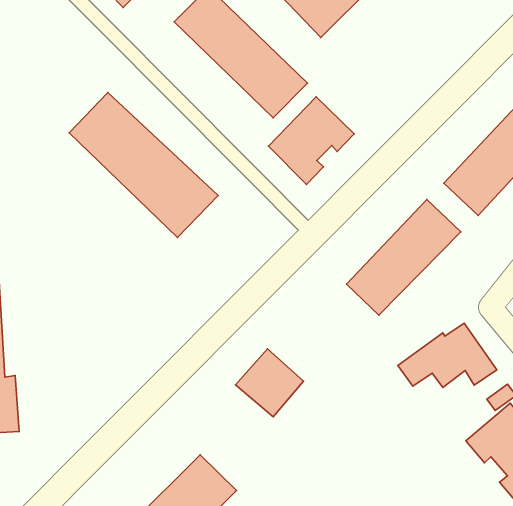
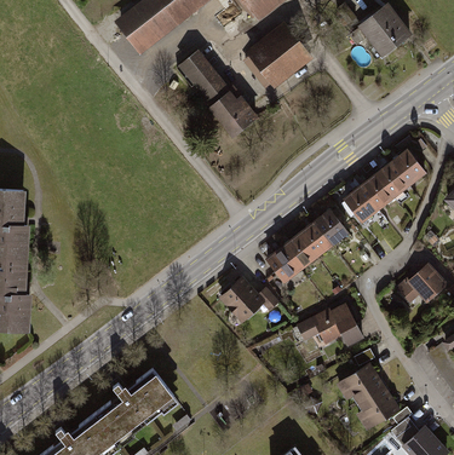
building: [69,93,218,238] -> none
building: [269,97,354,184] -> none
building: [235,349,304,417] -> [218,278,265,326]

